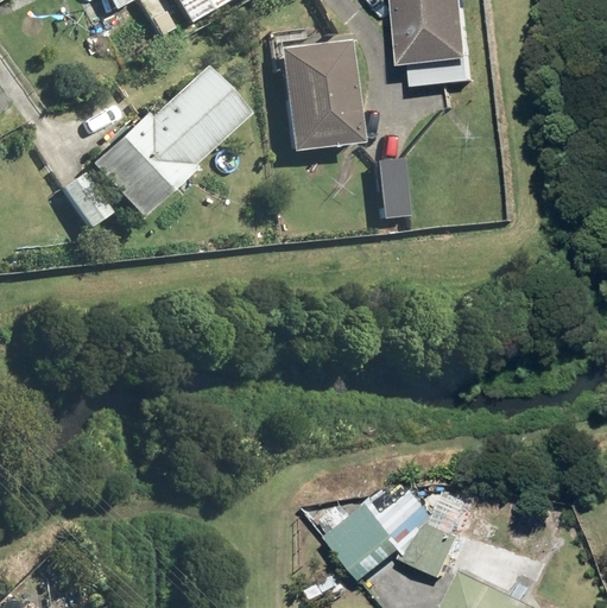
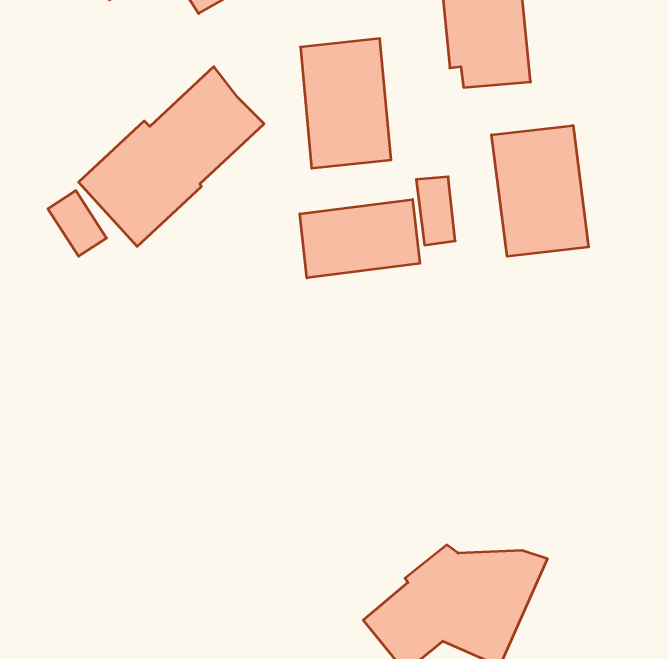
building: none -> [492,125,589,256]
building: none -> [300,199,420,278]

